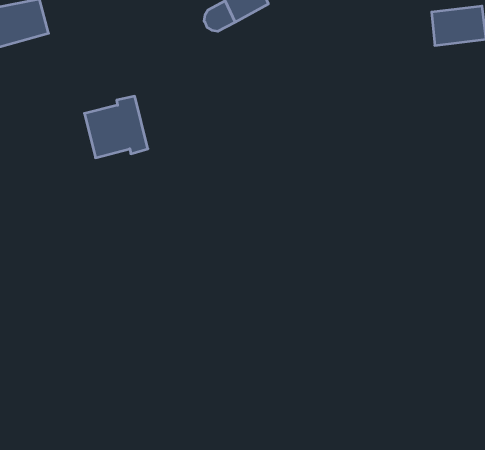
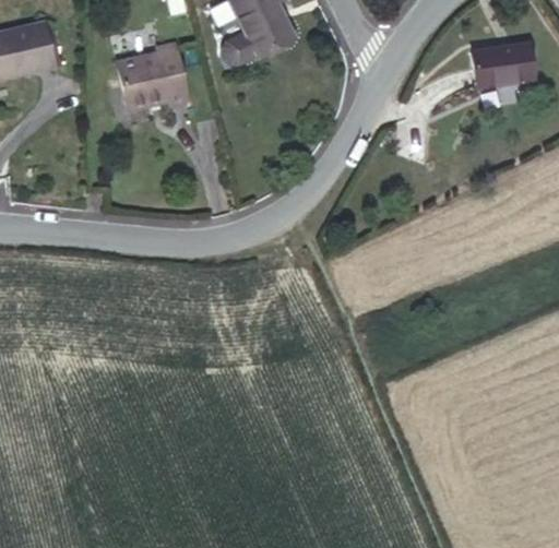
building: [84,96,148,158] -> [121,41,190,108]

